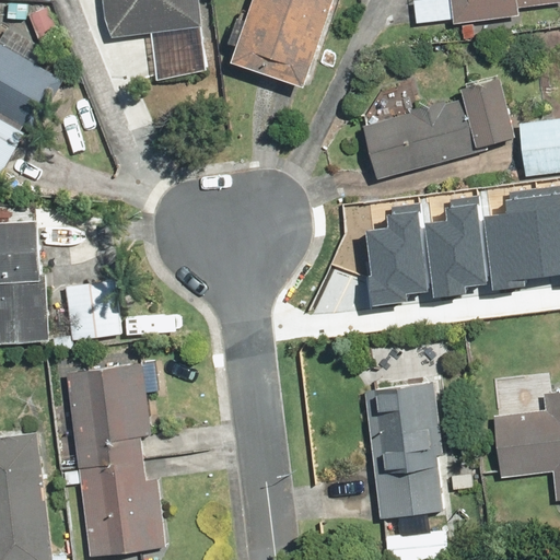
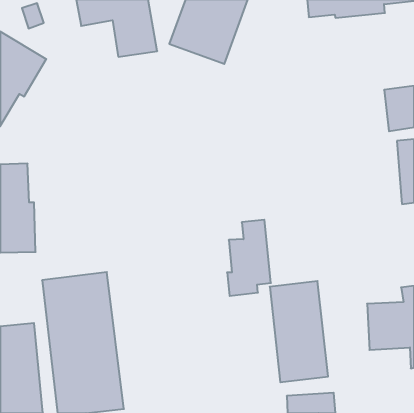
building: [361,75,517,182] -> none
building: [487,190,542,290] -> none
building: [428,195,487,299] -> none
building: [365,203,424,306] -> [227,220,271,296]
building: [67,288,120,340] -> none

